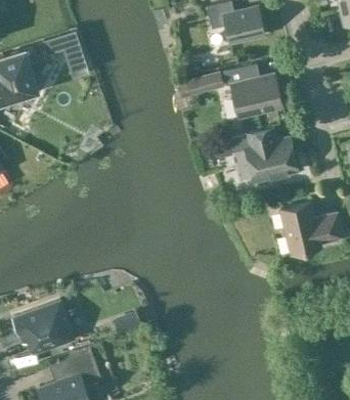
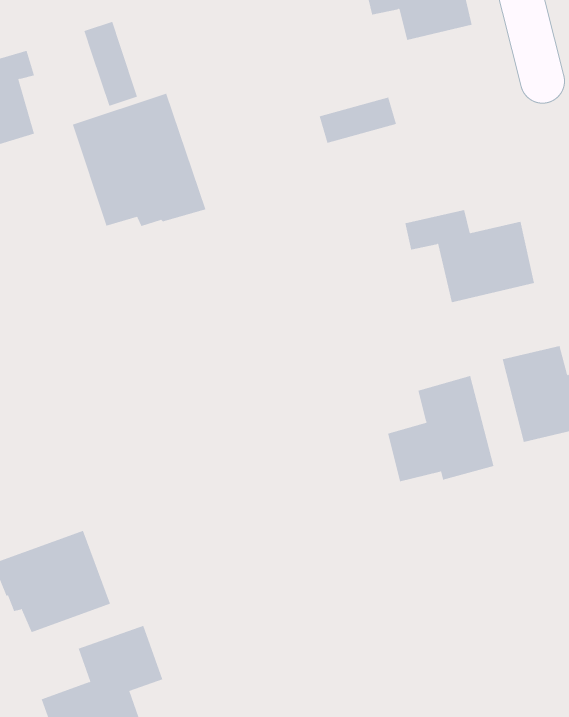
building: [223,64,282,118] -> none
building: none -> [72,93,206,227]
building: none -> [387,375,494,482]

